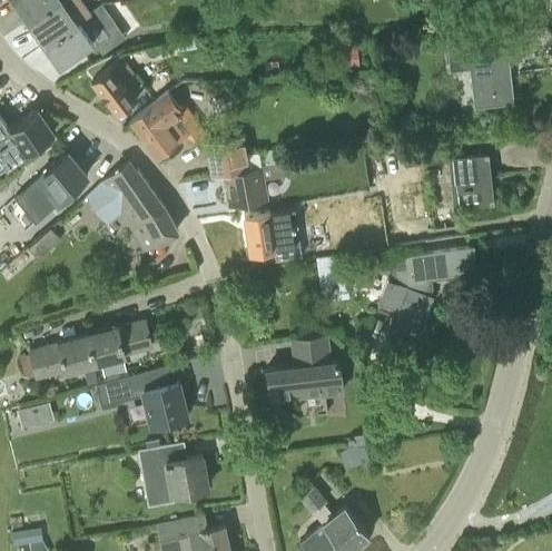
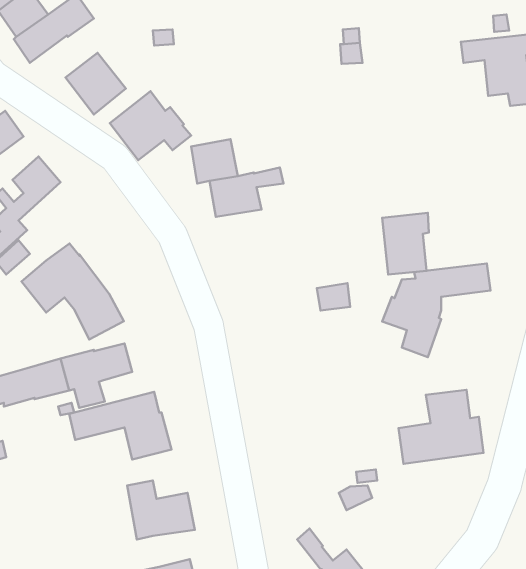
building: [447,156,490,211] -> [382,213,429,274]
building: [85,163,177,249] -> [22,243,124,339]
building: [244,211,303,265] -> none
building: [266,337,343,404] -> [399,390,484,464]

